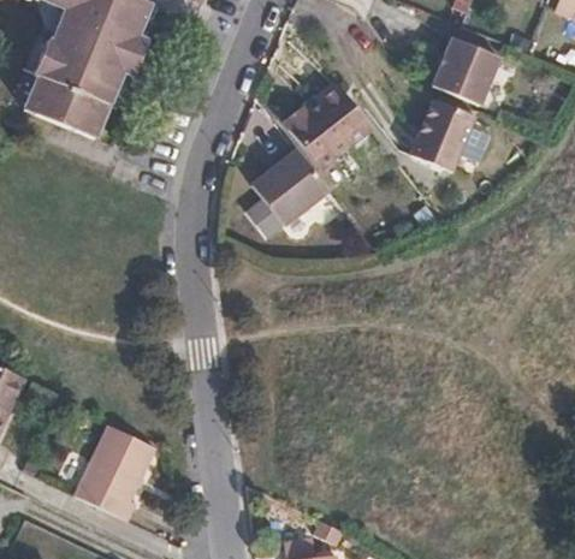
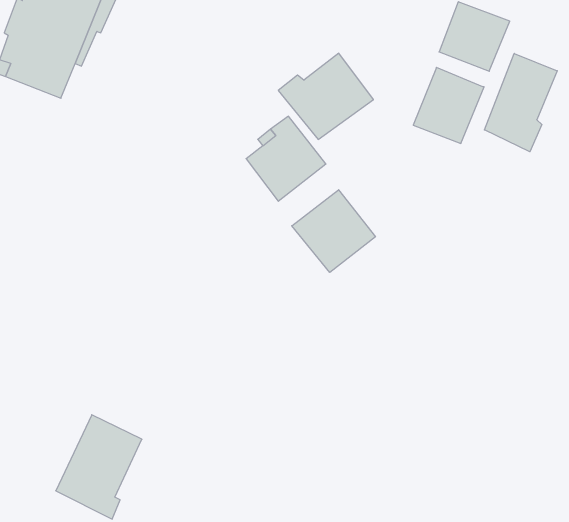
building: none -> [484,53,557,152]
building: none -> [292,190,375,272]

